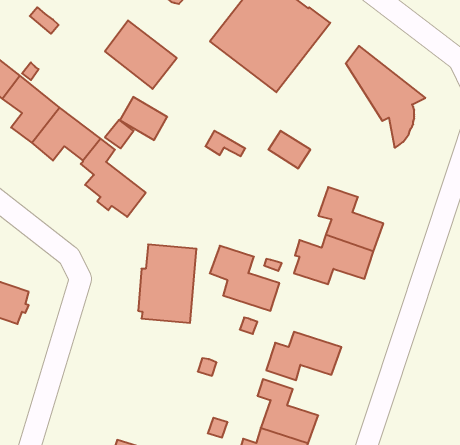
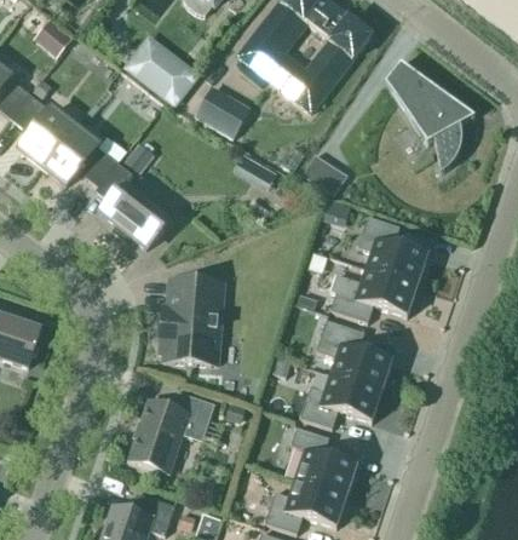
building: [120,97,167,140] -> [196,88,248,136]
building: [210,246,279,311] -> [316,317,392,389]
building: none -> [130,389,214,470]

